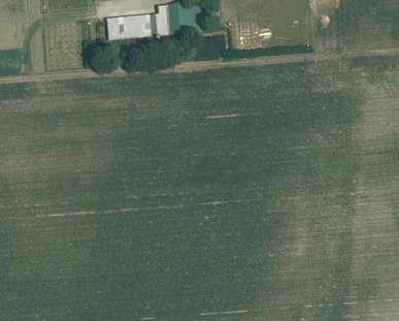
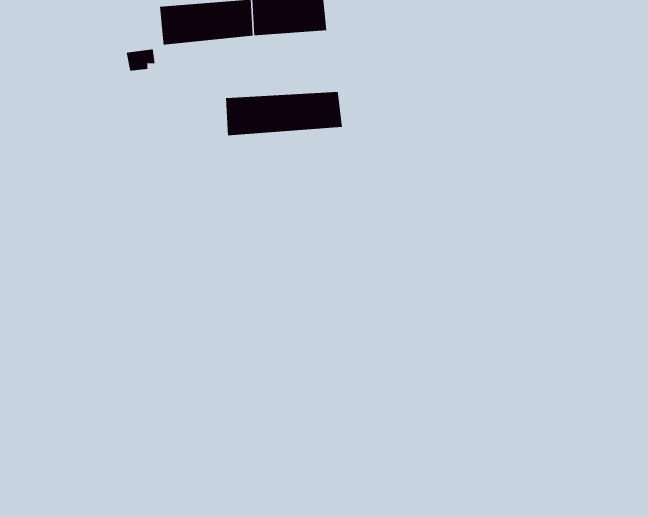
building: none -> [226,91,342,136]

